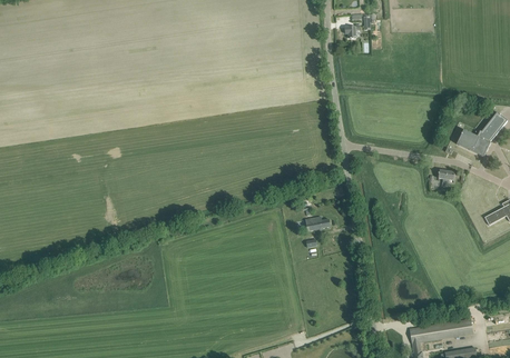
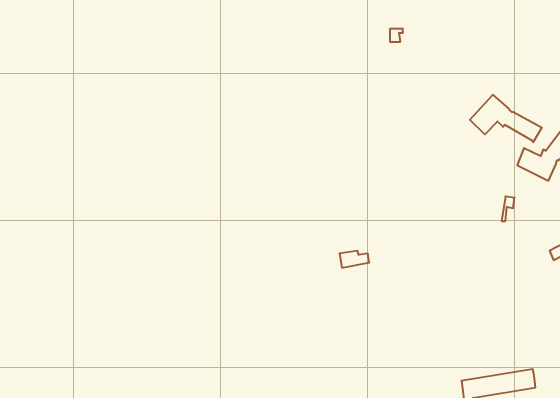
building: none -> [470,95,542,142]

